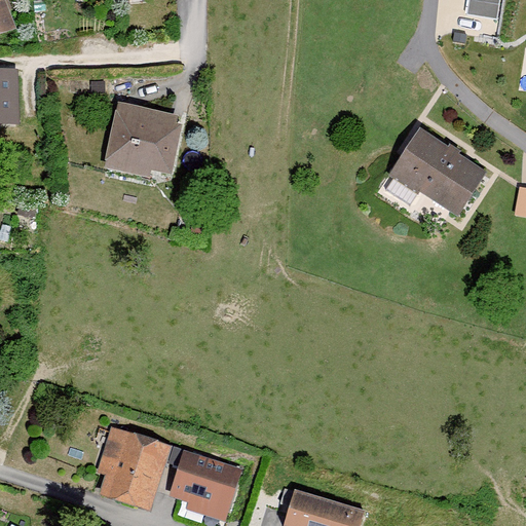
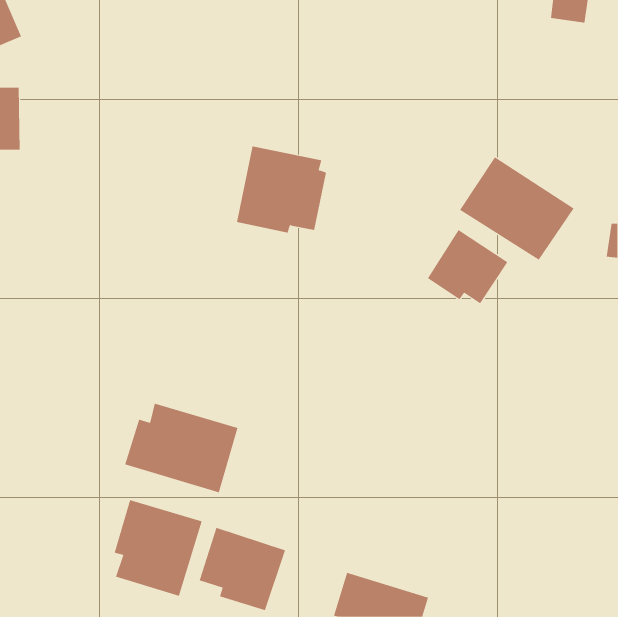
building: [105,107,182,181] -> [236,146,327,233]
building: none -> [427,229,508,304]
building: none -> [125,403,238,493]

